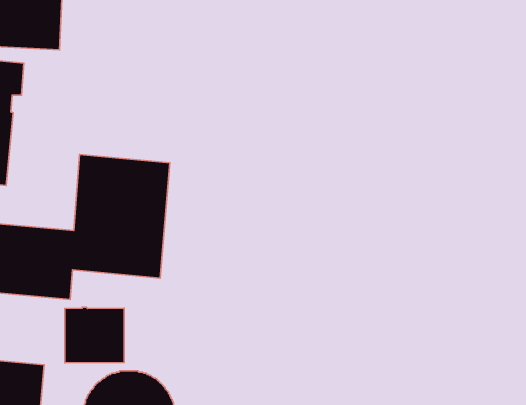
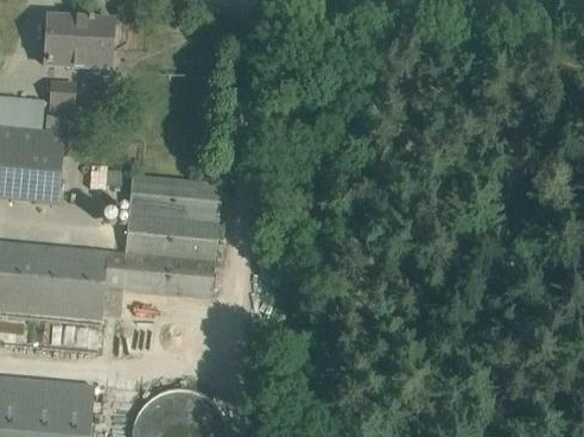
building: [65,307,124,363] -> none

